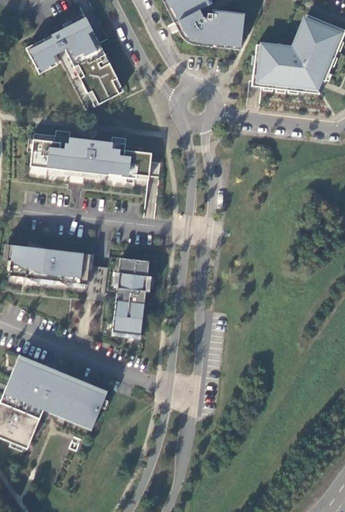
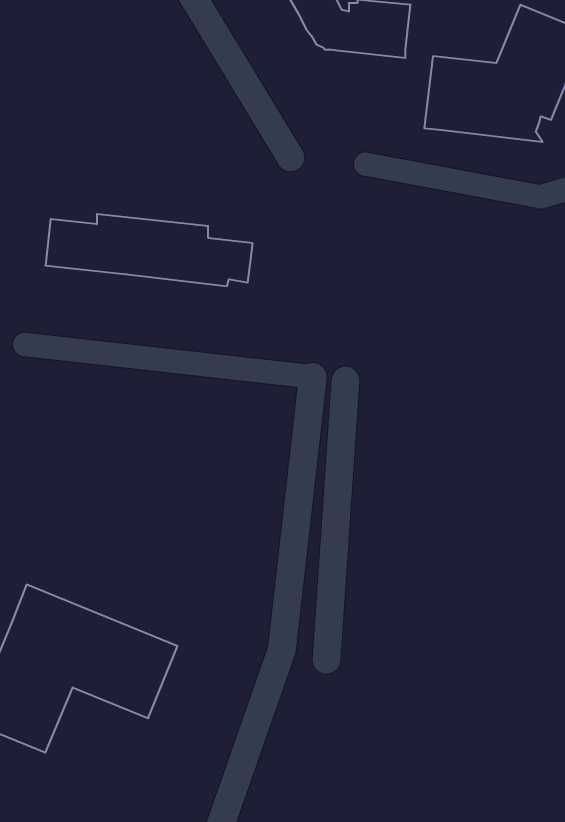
building: [28,17,119,104] -> none
building: [9,240,90,284] -> none
building: [112,257,149,334] -> none

